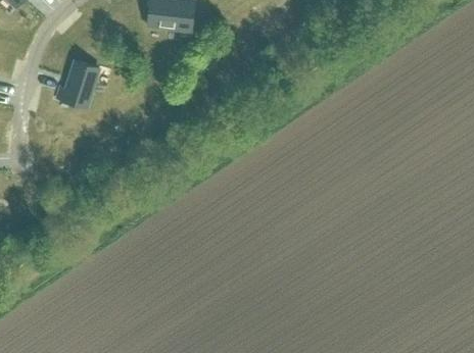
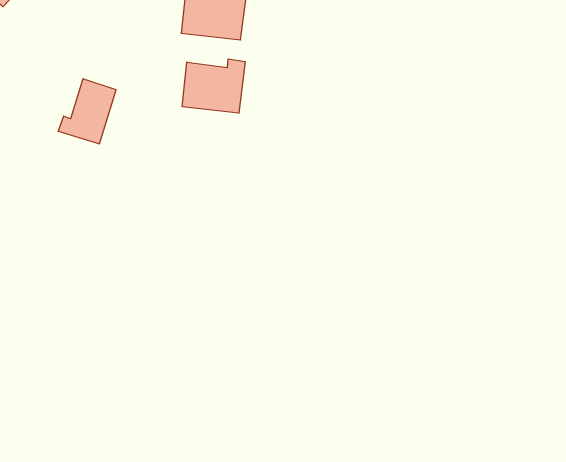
building: none -> [182,59,245,113]

